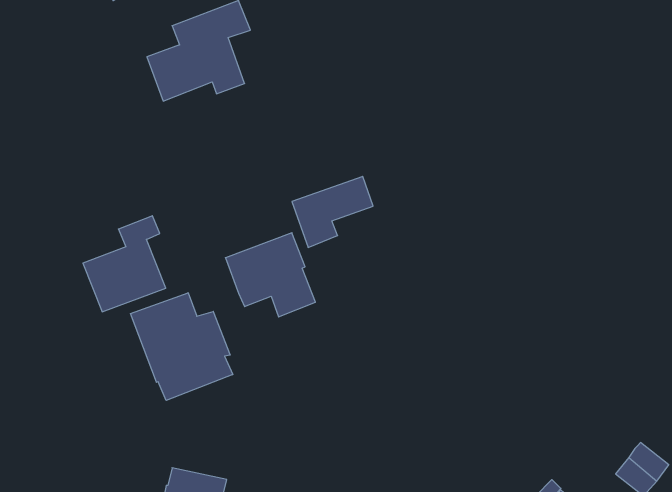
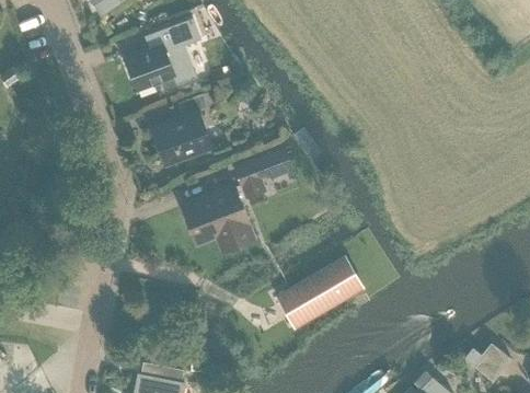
building: [83,216,166,312] -> [151,94,212,165]
building: [130,293,233,400] -> none
building: none -> [276,257,362,327]

